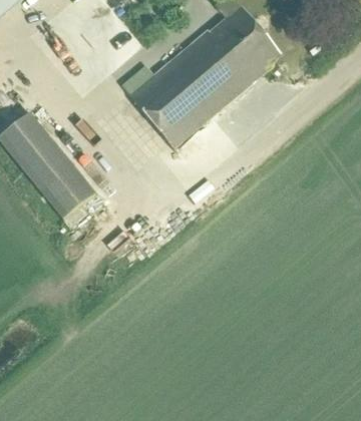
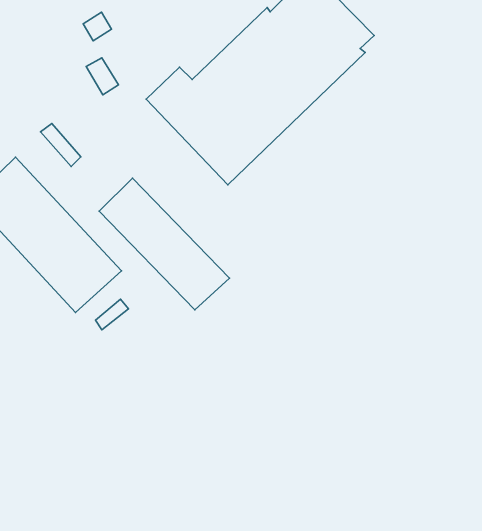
building: none -> [99,178,229,310]

